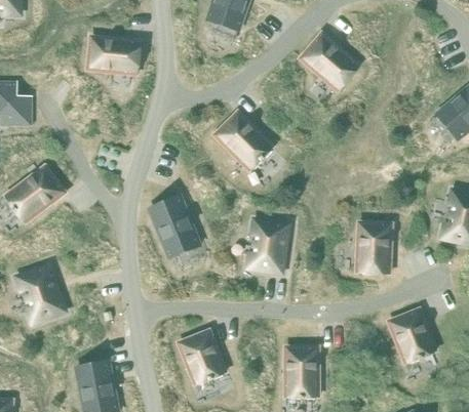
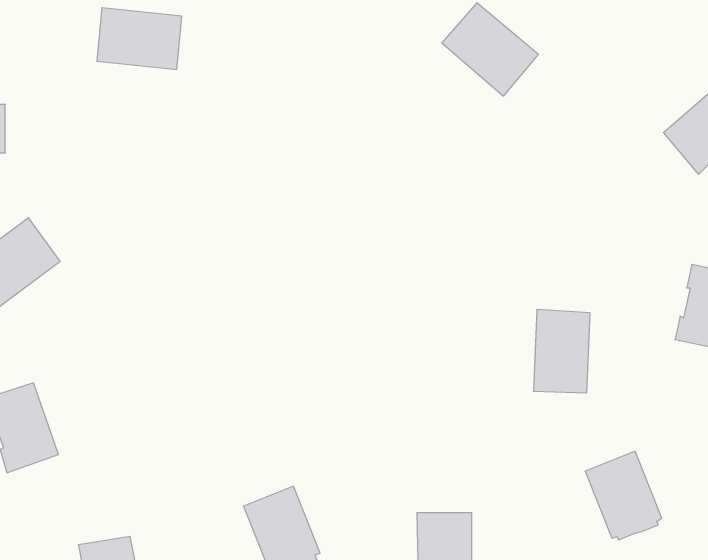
building: [214,111,273,169] -> none
building: [149,196,199,256] -> none
building: [247,220,287,272] -> none

